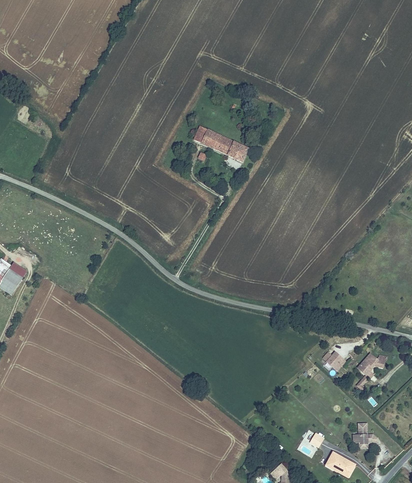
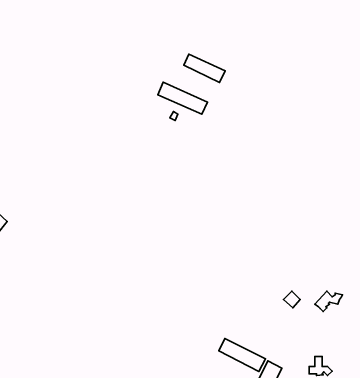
building: none -> [184,54,225,83]
building: none -> [219,339,266,372]

